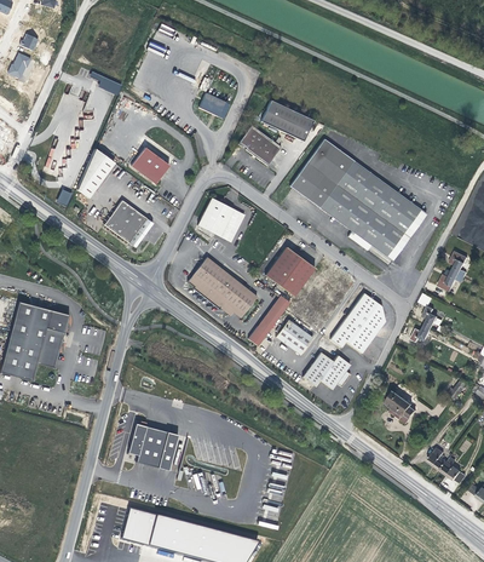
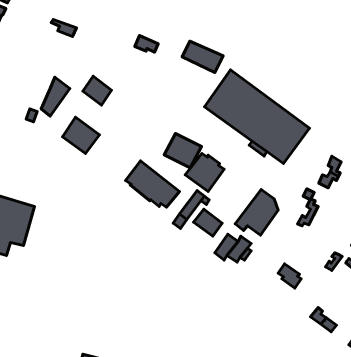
building: [237,125,281,165] -> none
building: [196,196,244,241] -> [164,134,201,168]
building: [129,423,179,470] -> none

